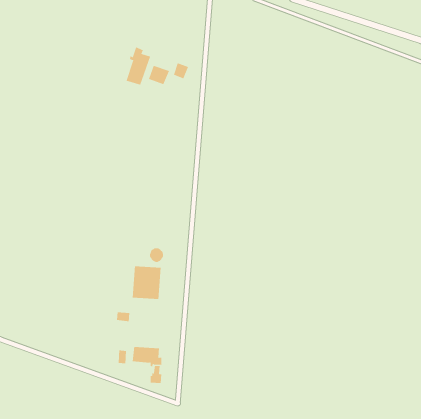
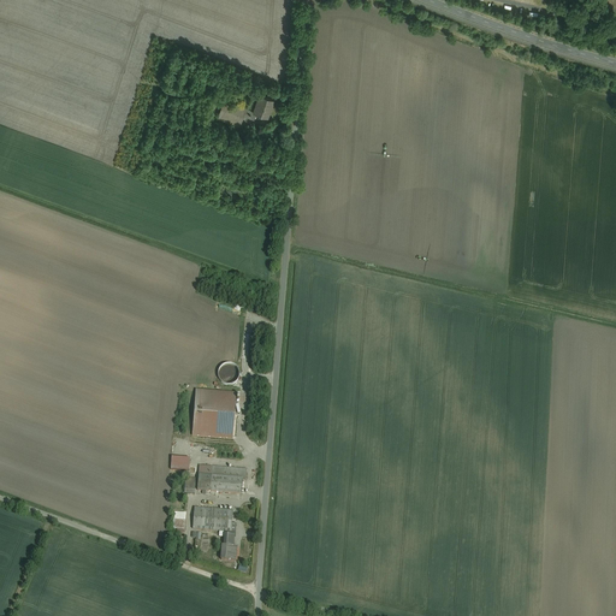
building: [126,46,151,85] -> none
building: none -> [197,463,248,493]

